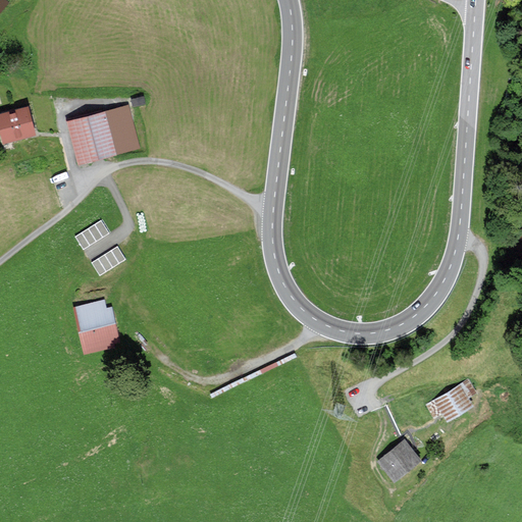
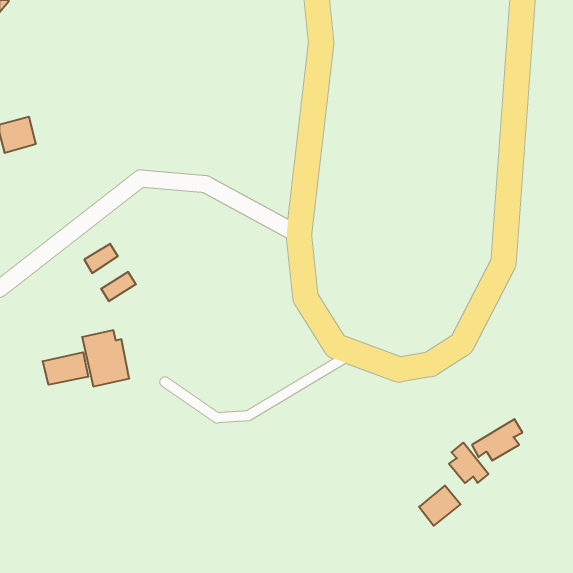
building: [69,107,137,160] -> none
building: none -> [43,352,88,385]
building: none -> [449,443,488,483]

